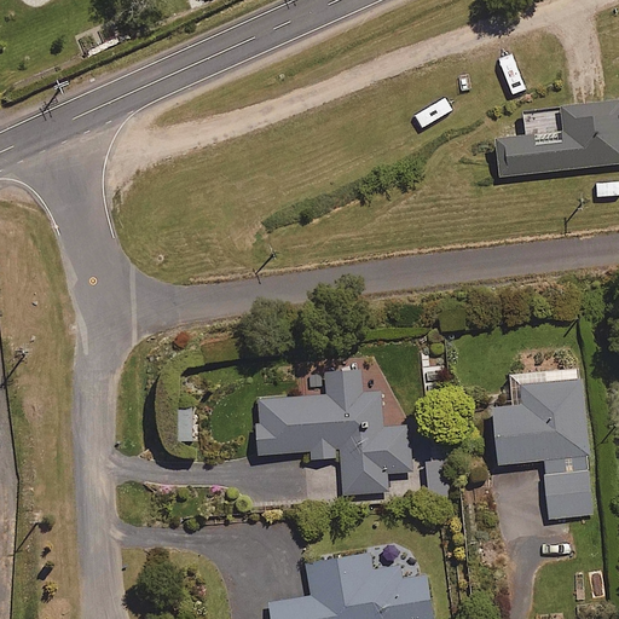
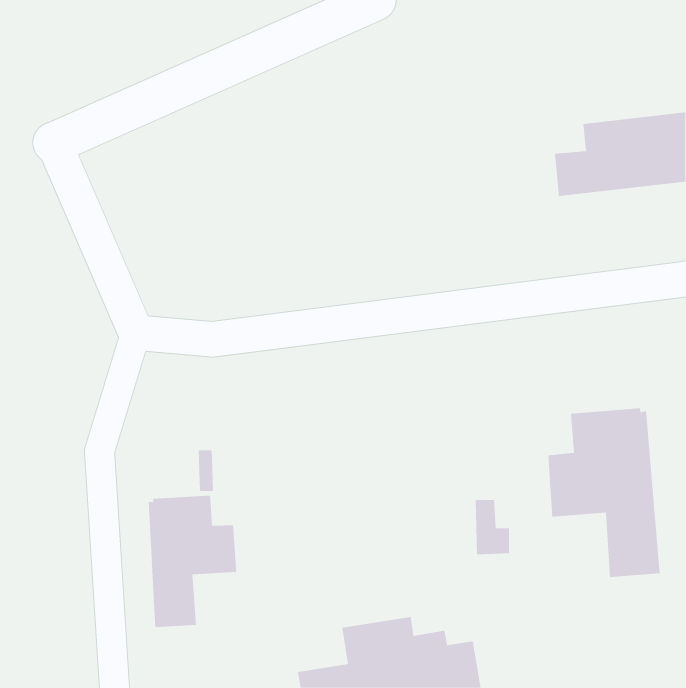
building: [256,371,412,494] -> none
building: none -> [148,495,237,628]

